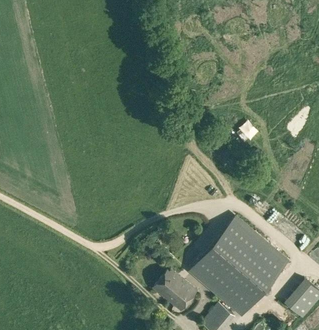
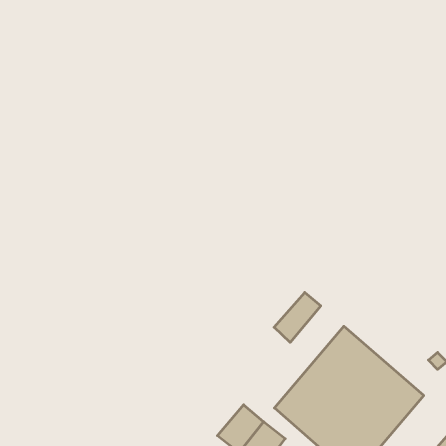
building: none -> [274,292,321,342]

